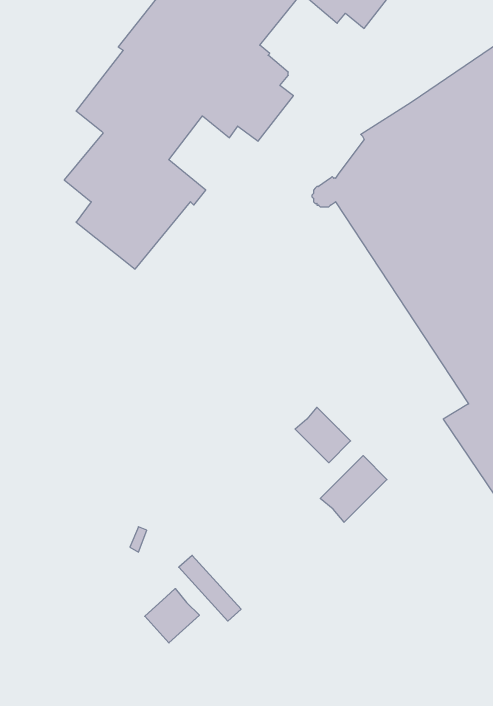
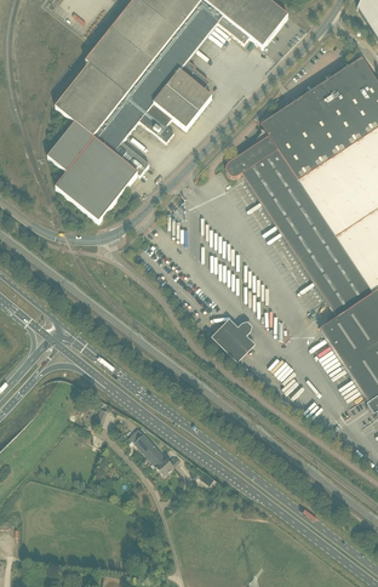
building: [320,456,387,522] -> none
building: [145,589,199,643] -> none

